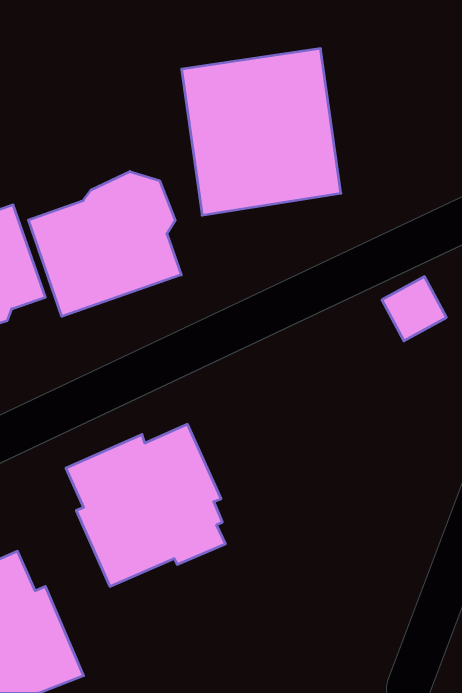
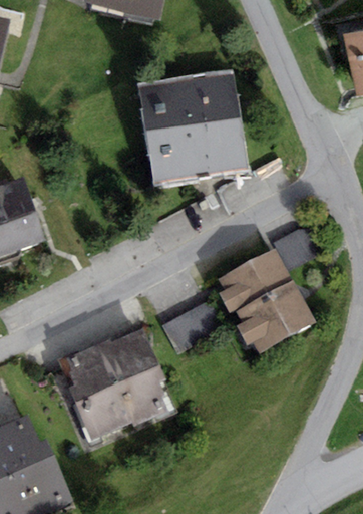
building: [28,171,181,316] -> none
building: none -> [217,246,317,352]
building: none -> [162,303,218,352]

